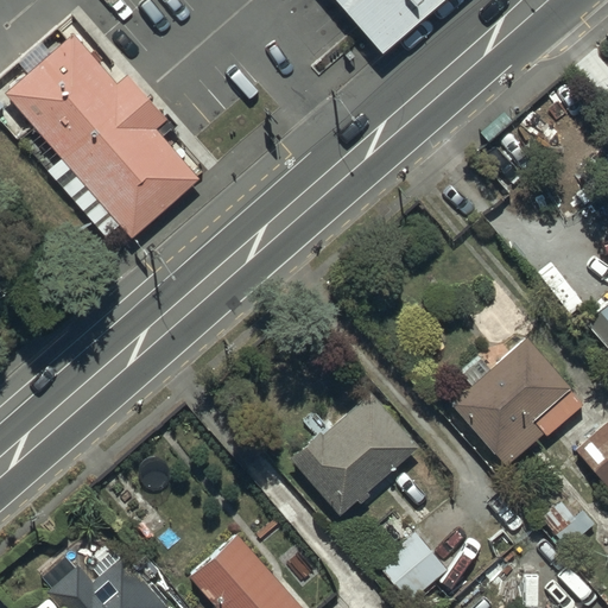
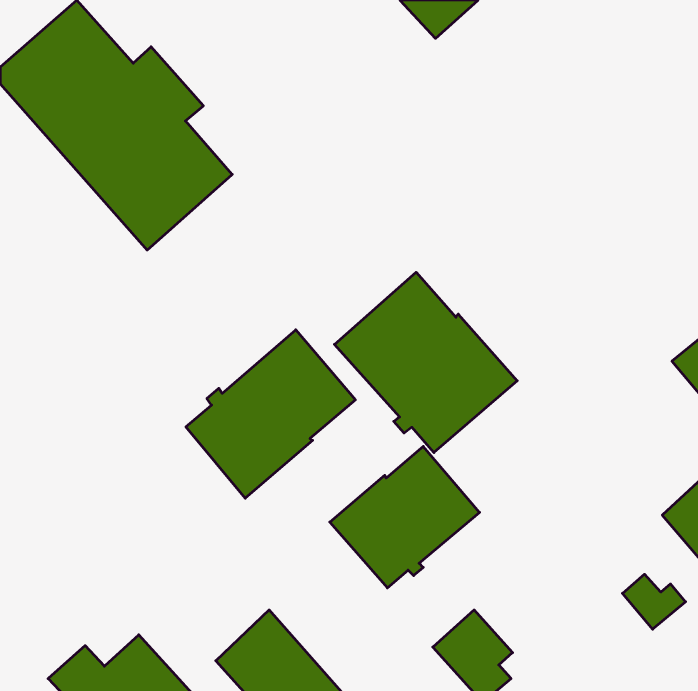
building: none -> [334,272,517,453]
building: none -> [186,330,355,498]
building: [449,340,585,471] -> none

